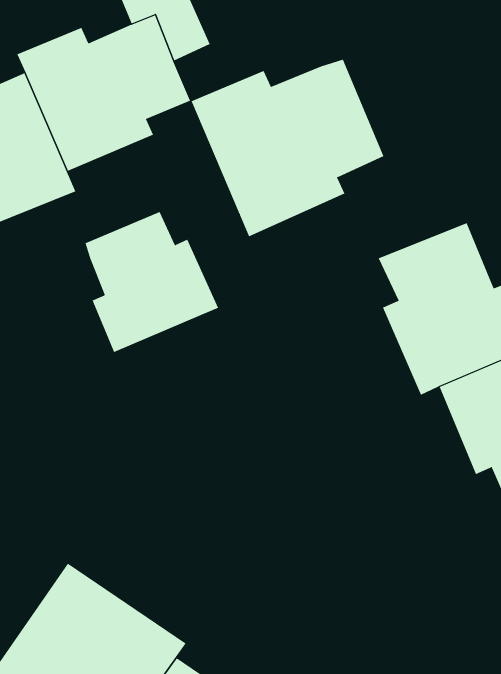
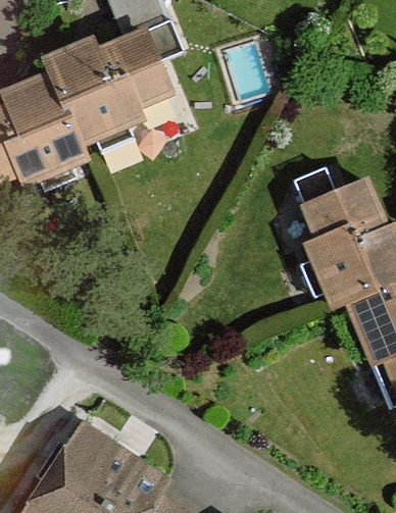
building: [191,59,384,237] -> none
building: [85,211,219,353] -> none

